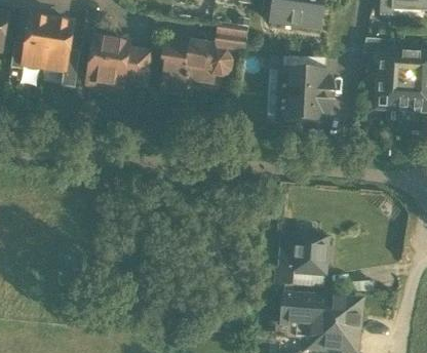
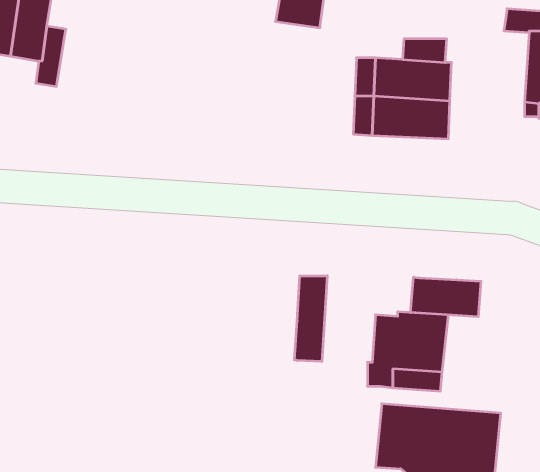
building: [88,37,151,85] -> none
building: [162,42,229,91] -> none
building: none -> [294,276,327,362]
building: none -> [411,277,481,317]

